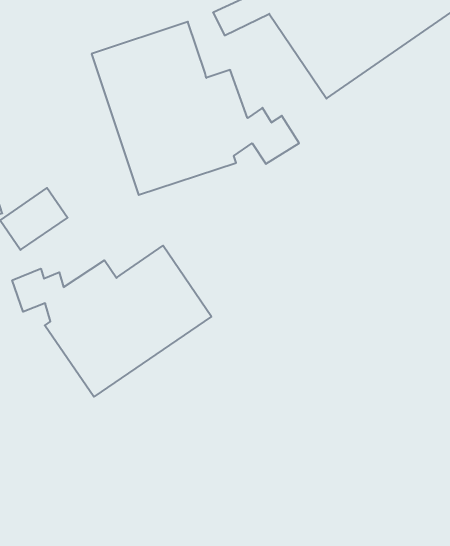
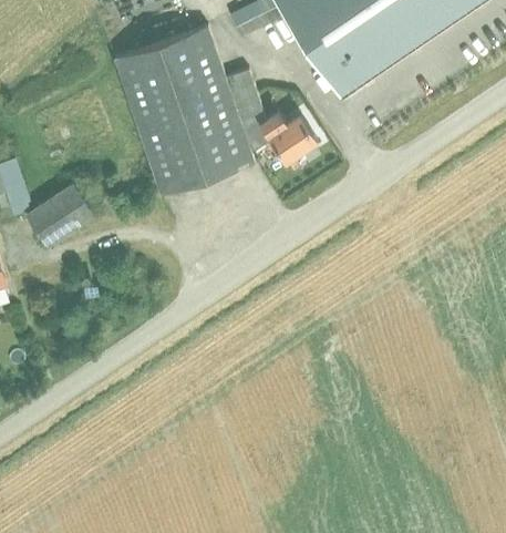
building: [12,246,211,397] -> none

